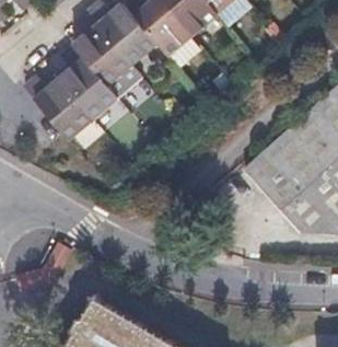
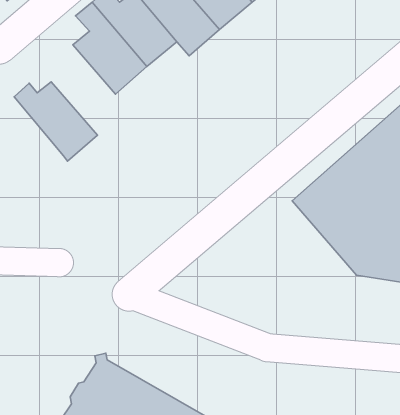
building: [55,47,117,119] -> none

